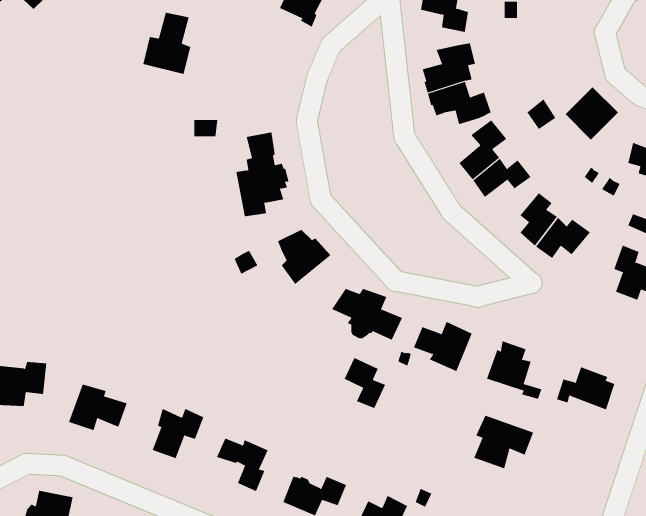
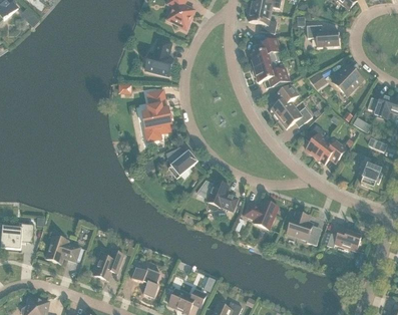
building: [142,12,191,75] -> [144,39,172,75]
building: none -> [306,24,338,45]
building: [344,357,386,409] -> none
building: [473,415,534,469] -> none

